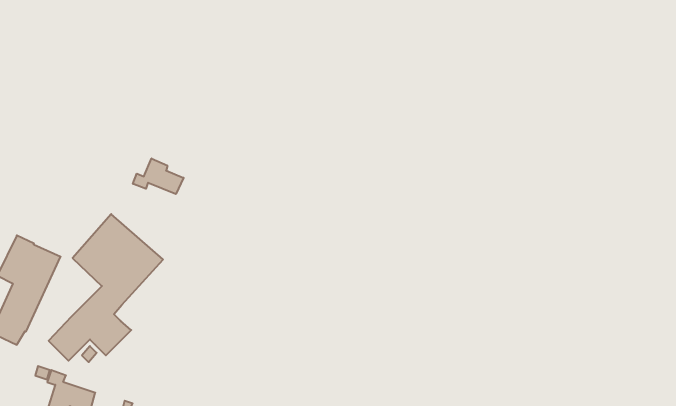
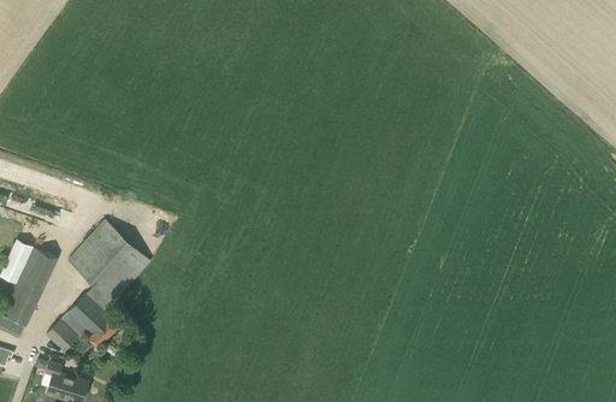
building: [133,158,184,194] -> none

